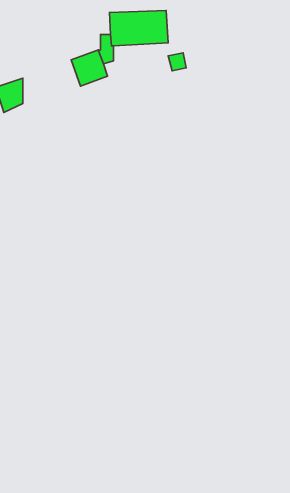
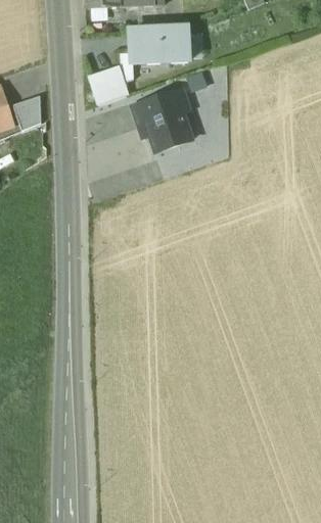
building: none -> [133,89,191,150]

